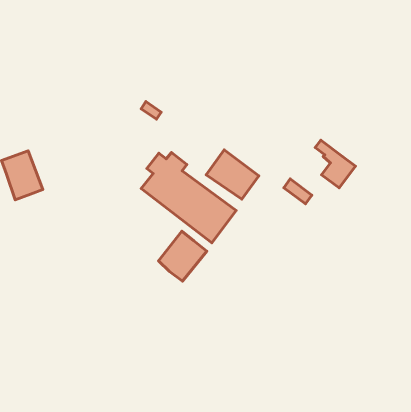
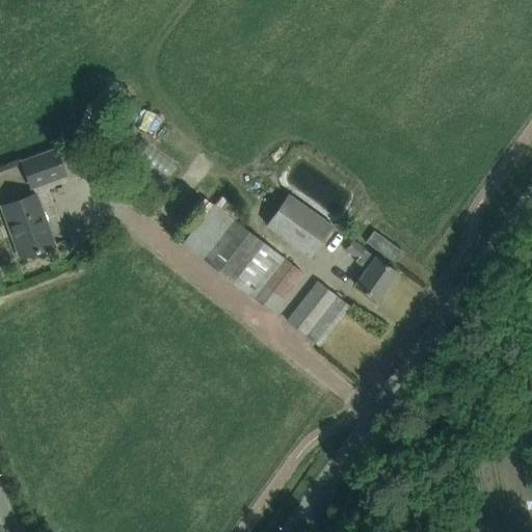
building: none -> [20,147,69,189]
building: [315,140,355,188] -> [346,239,398,300]
building: [158,231,207,281] -> [288,281,350,345]

